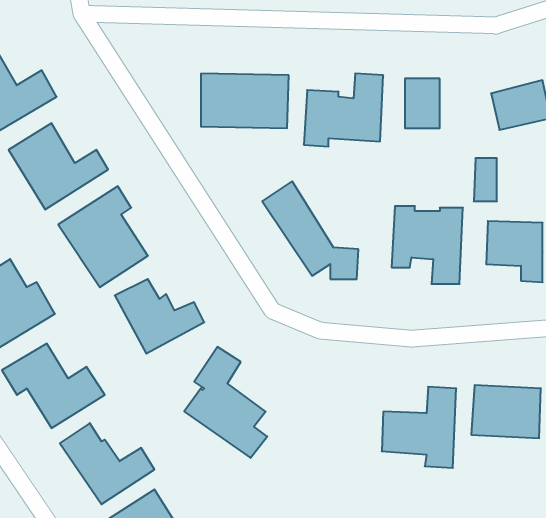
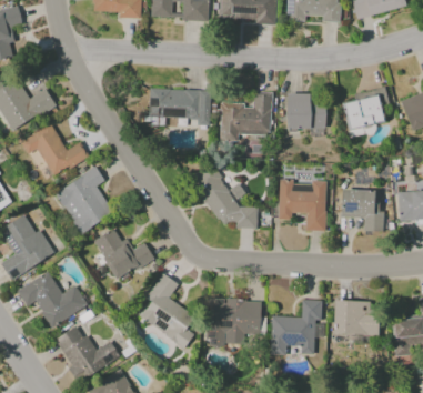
building: [474,158,497,201] -> [312,100,328,129]
building: none -> [211,299,263,345]

